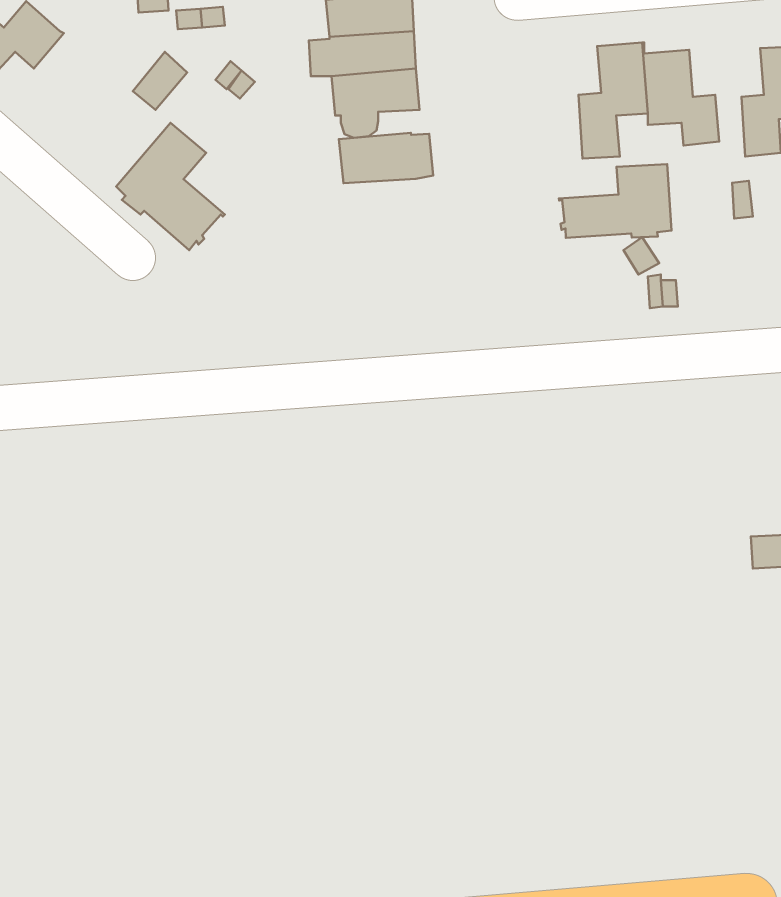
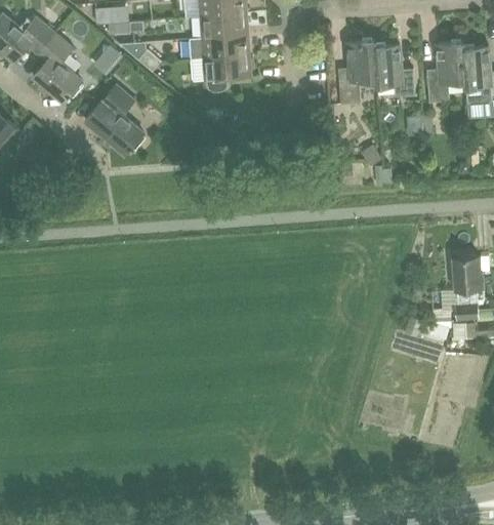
building: none -> [33,34,81,102]
building: [339,133,433,183] -> none
building: [559,164,672,238] -> none

